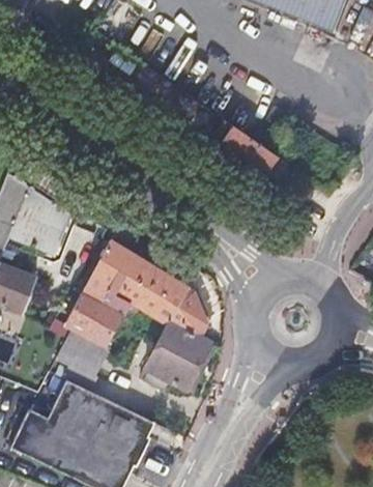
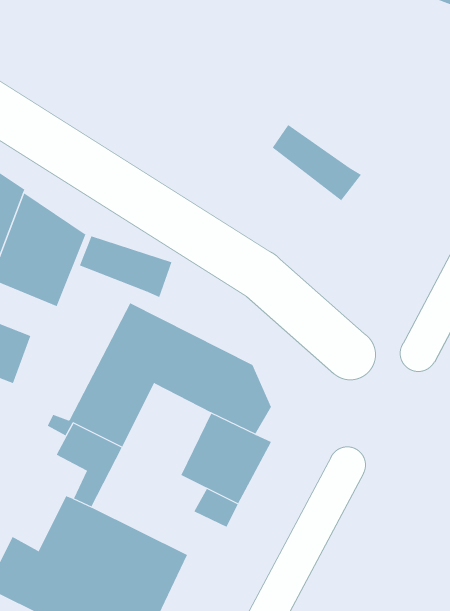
building: none -> [79,236,172,298]

